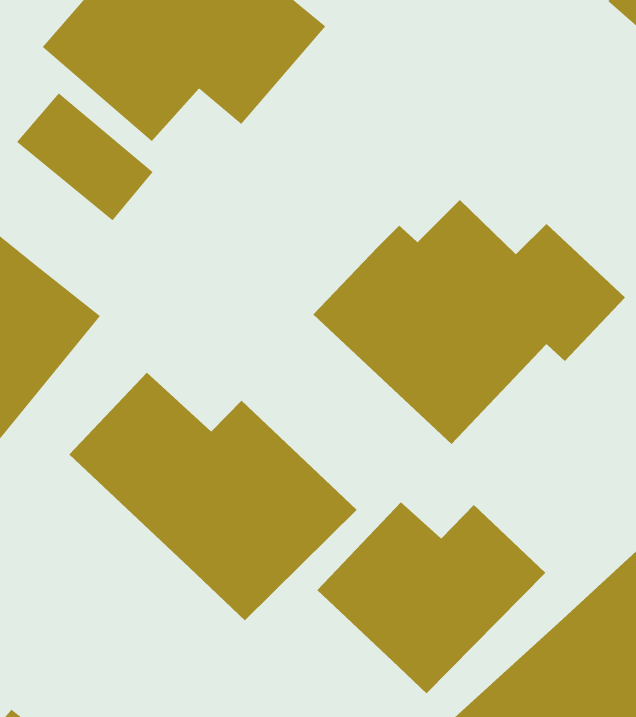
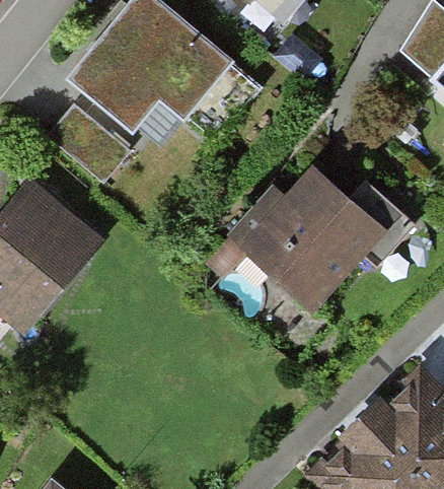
building: [69,372,358,621] -> none
building: [317,501,546,694] -> none

